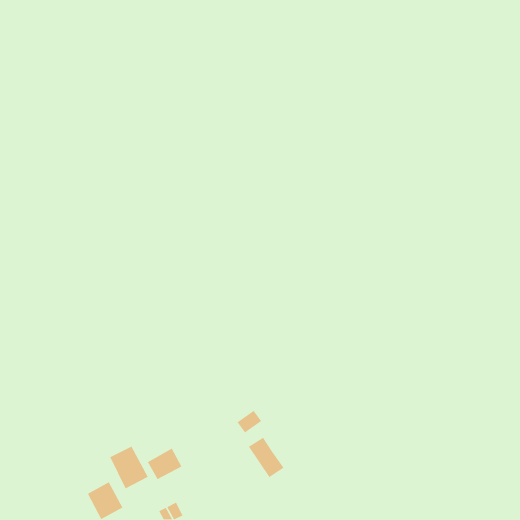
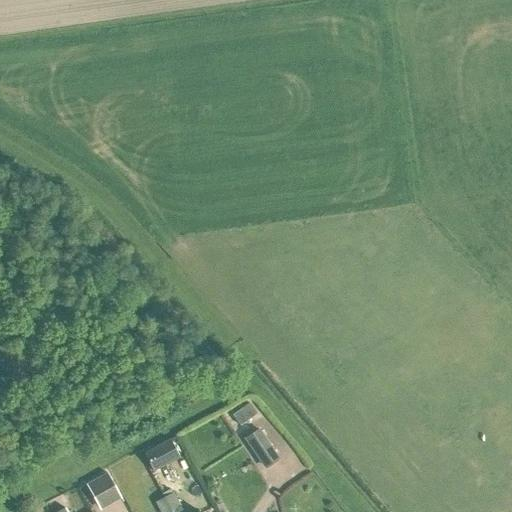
building: [109,445,149,489] -> none

